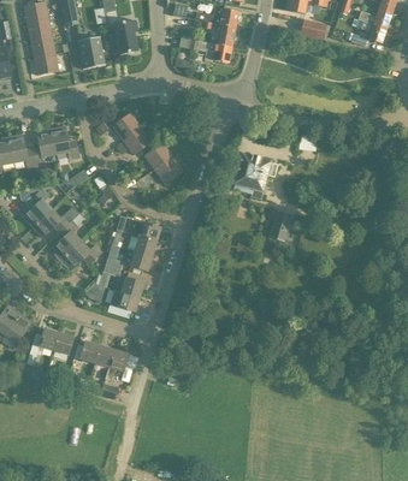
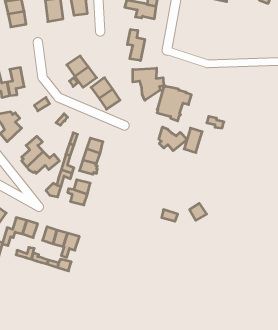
building: none -> [127,29,145,61]
building: [51,126,79,160] -> none
building: none -> [133,68,163,100]
building: [32,206,79,237] -> none
building: none -> [159,127,187,151]

